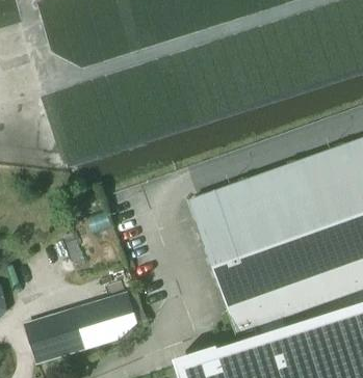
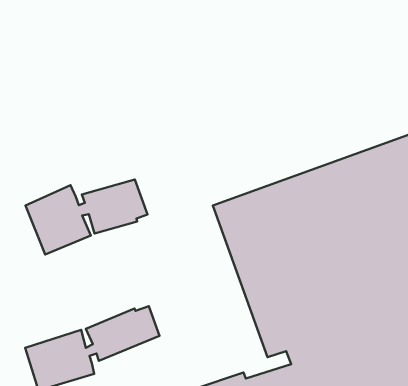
building: none -> [26,179,147,254]

